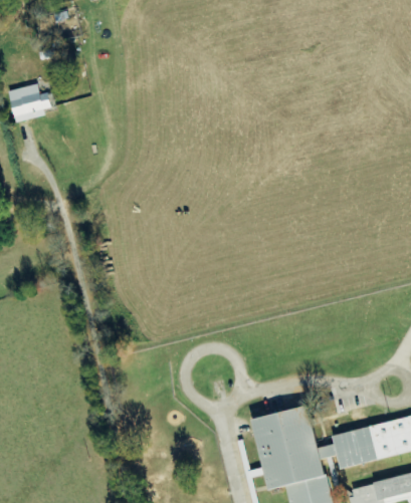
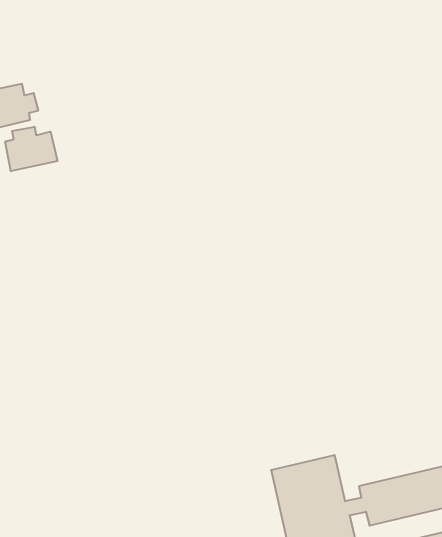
building: none -> [5,127,57,171]

